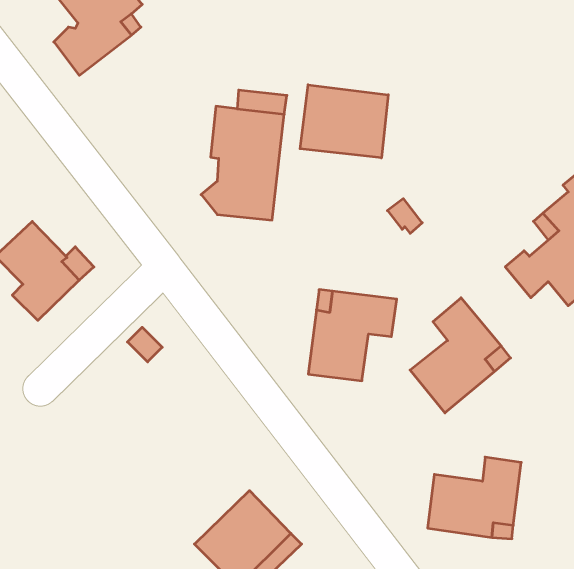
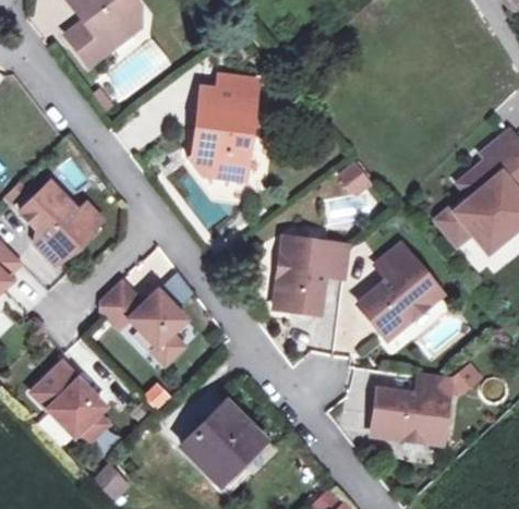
building: [300,85,388,158] -> none
building: none -> [99,280,185,364]
building: none -> [31,362,107,439]

